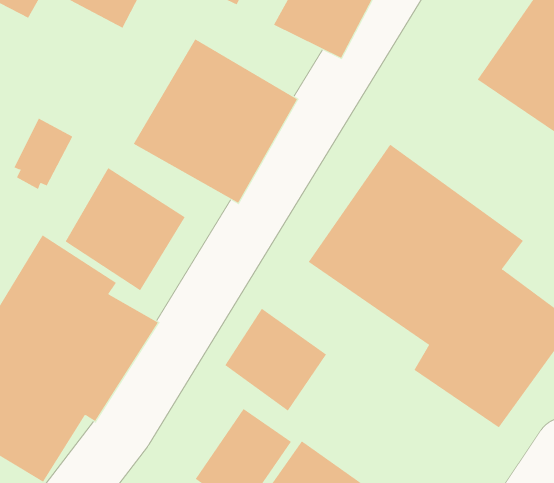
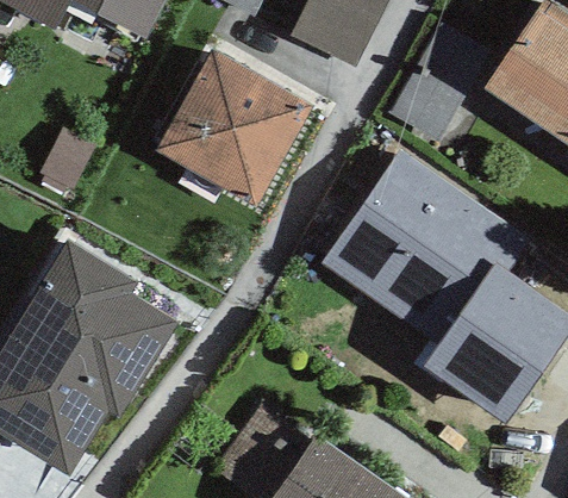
building: [65,167,186,291] -> none
building: [224,308,327,412] -> none

